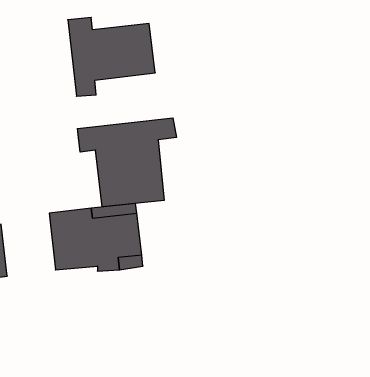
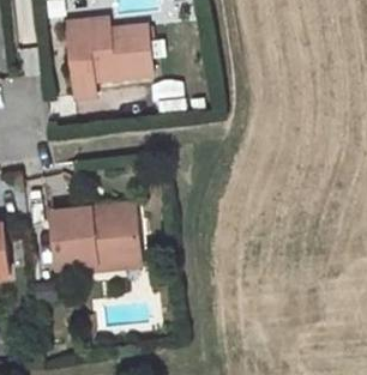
building: [77,118,176,207] -> none

